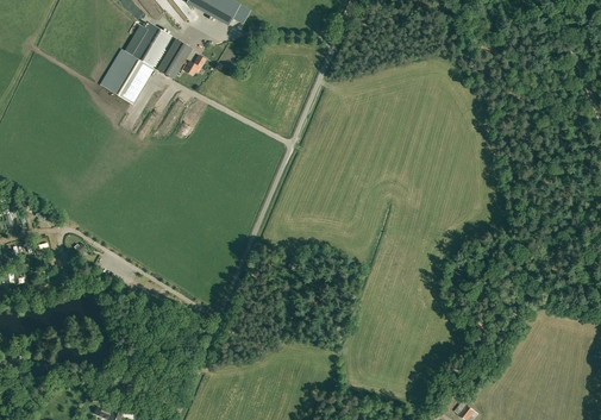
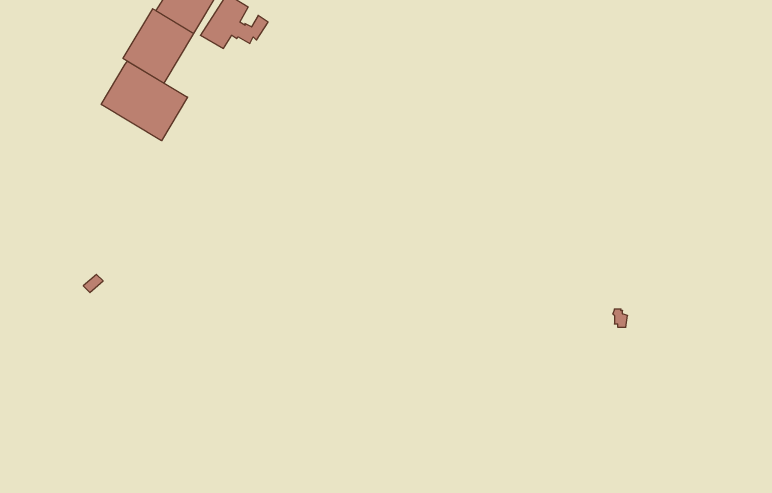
building: none -> [101,61,188,141]

